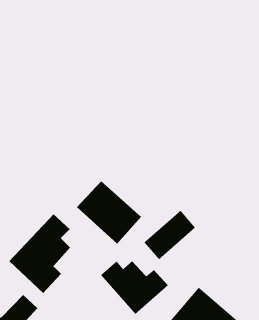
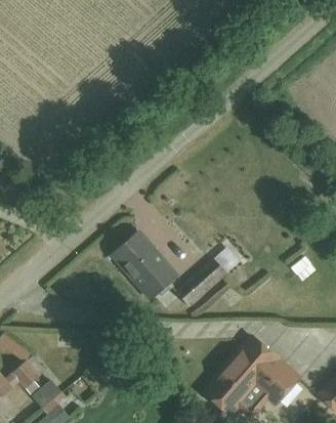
building: [9,213,71,294] -> none
building: [100,260,169,315] -> none

